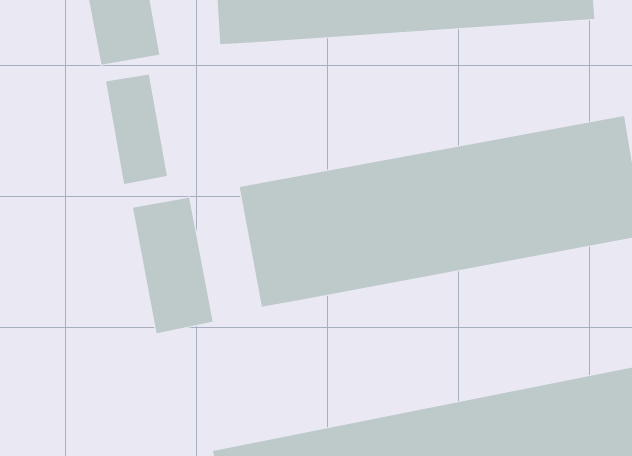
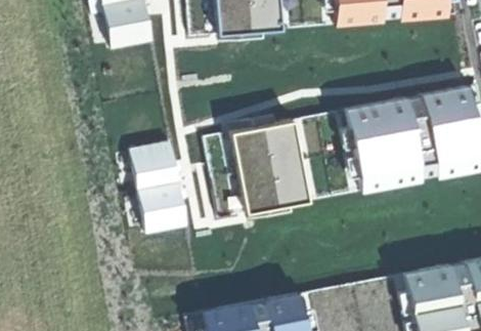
building: [105,74,167,185] -> none

